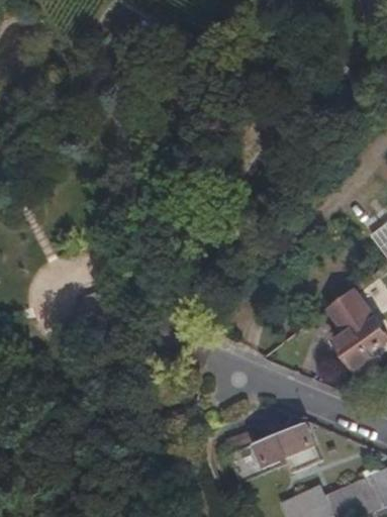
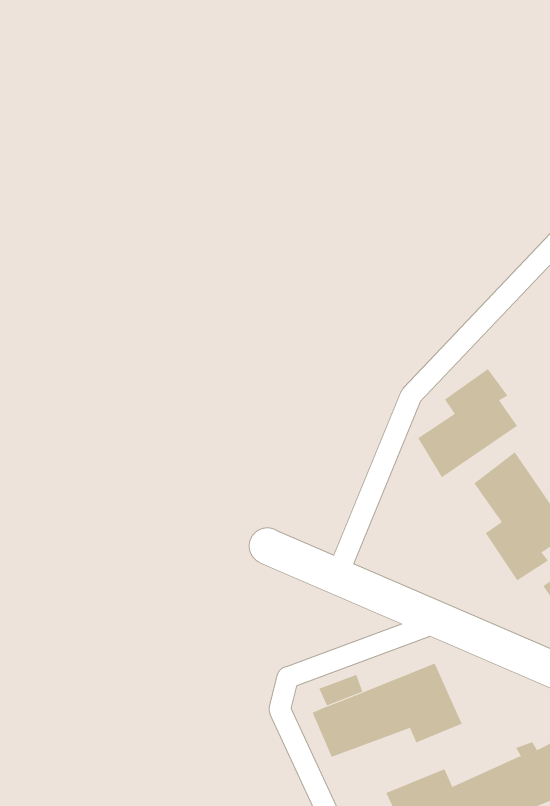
building: none -> [418,368,518,478]

